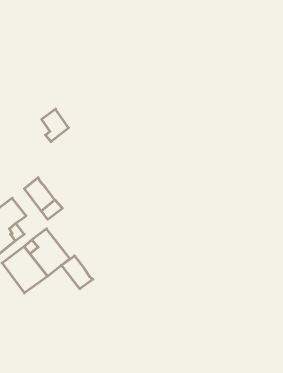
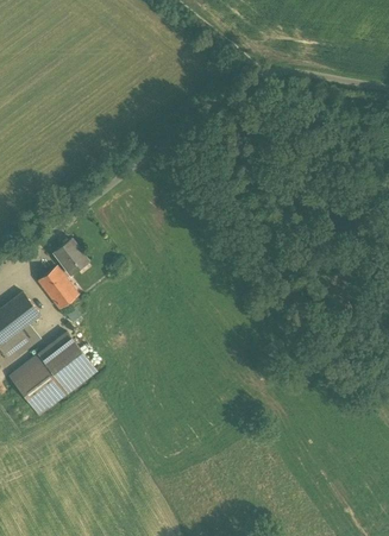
building: [42,109,69,142] -> [54,237,88,278]
building: [61,256,93,289] -> none

